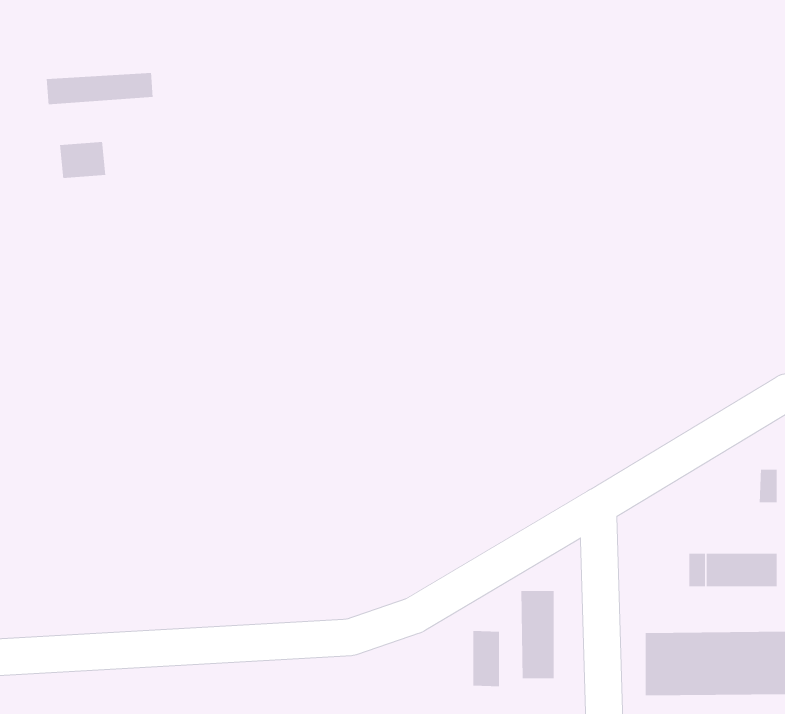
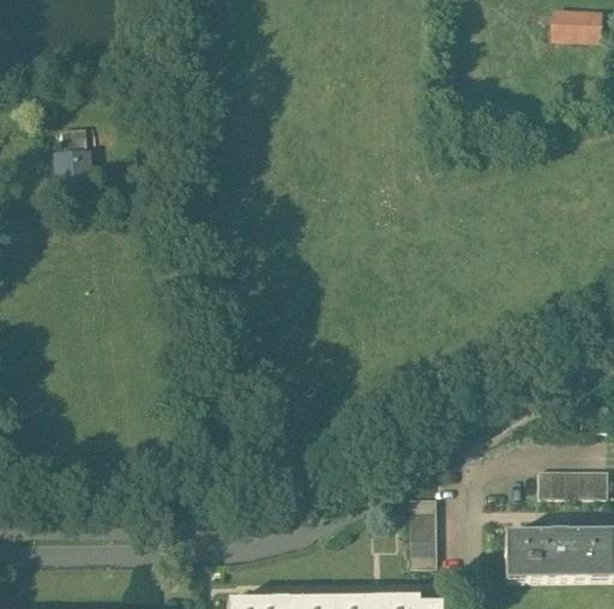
building: [46,72,154,105] -> none
building: [472,630,500,687] -> none

